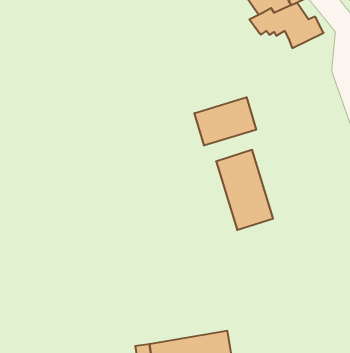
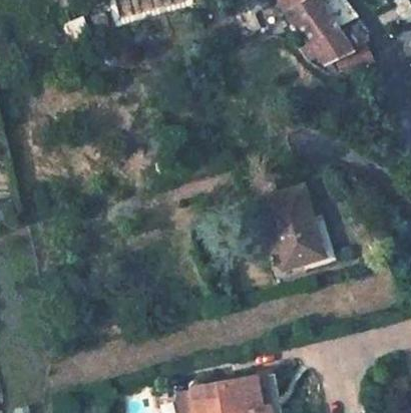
building: [194,97,256,146] -> none

